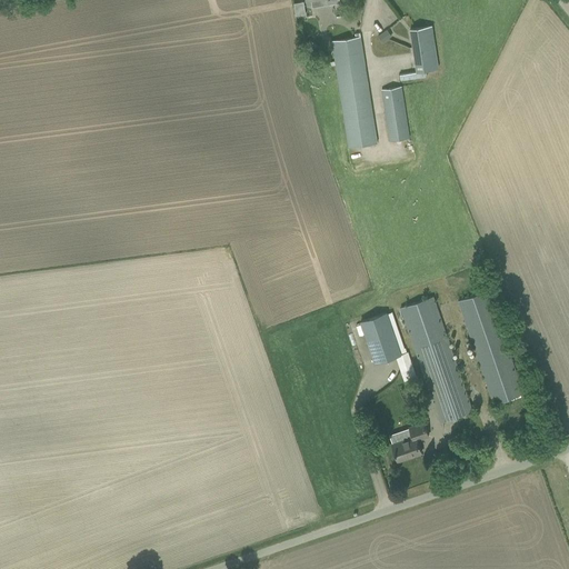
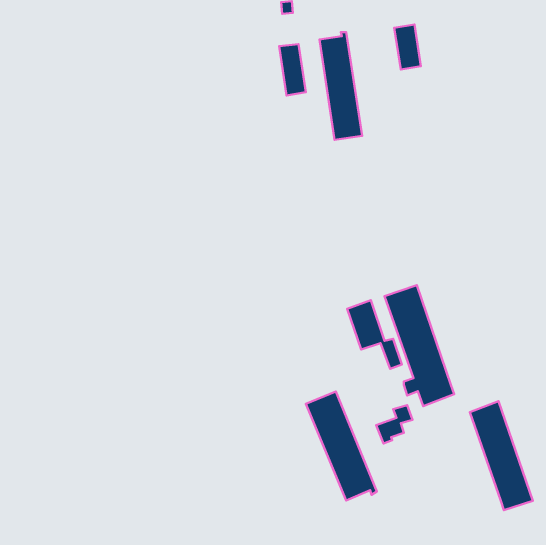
building: [381,89,409,142] -> [279,44,306,95]
building: [458,291,523,405] -> [470,401,533,510]
building: none -> [306,392,377,501]

